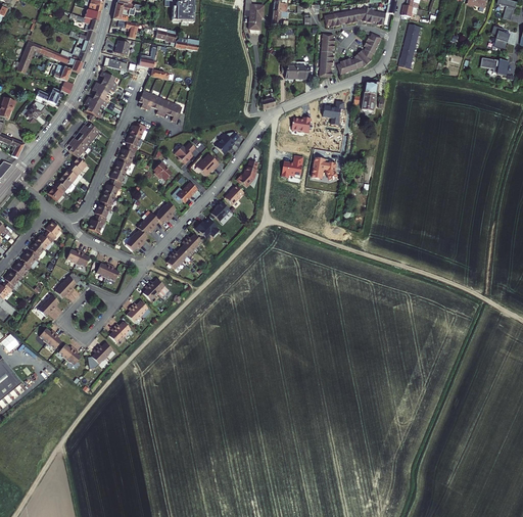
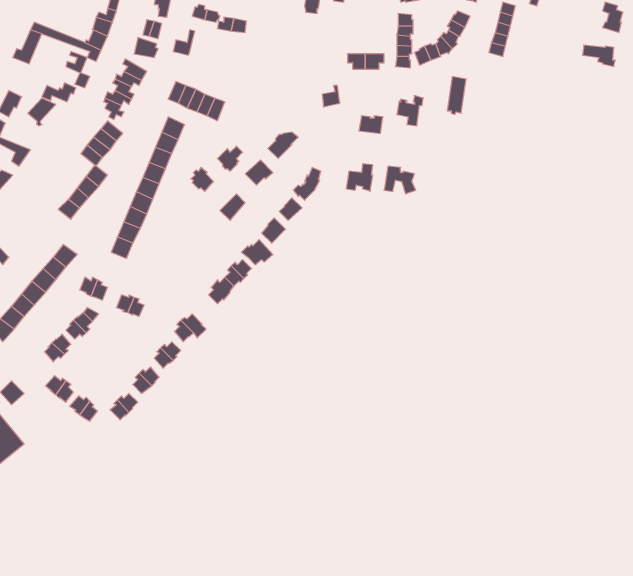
building: [129,199,178,249] -> none

